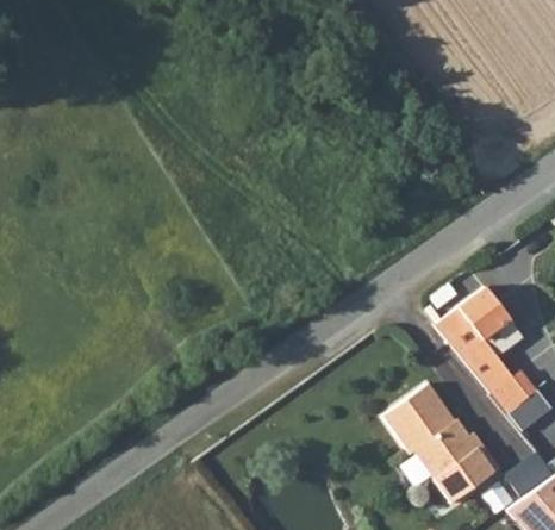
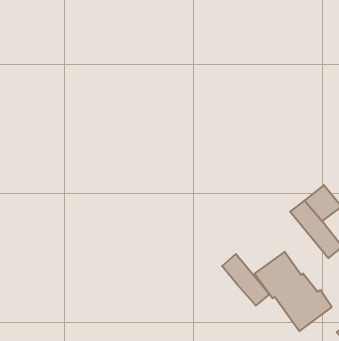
building: none -> [222,254,269,306]

